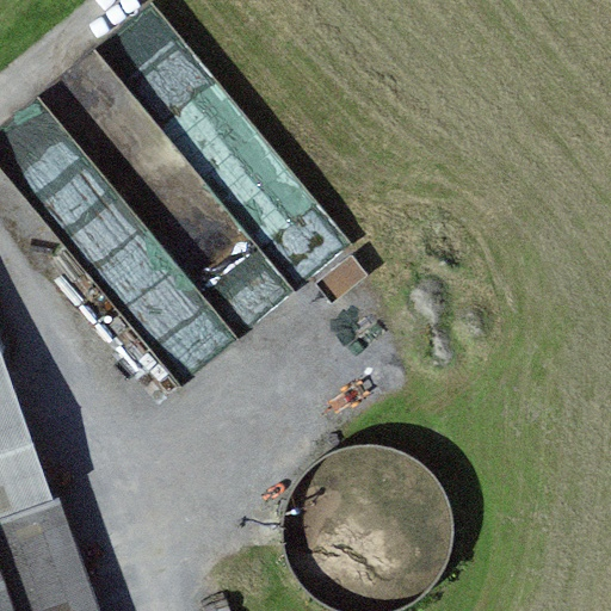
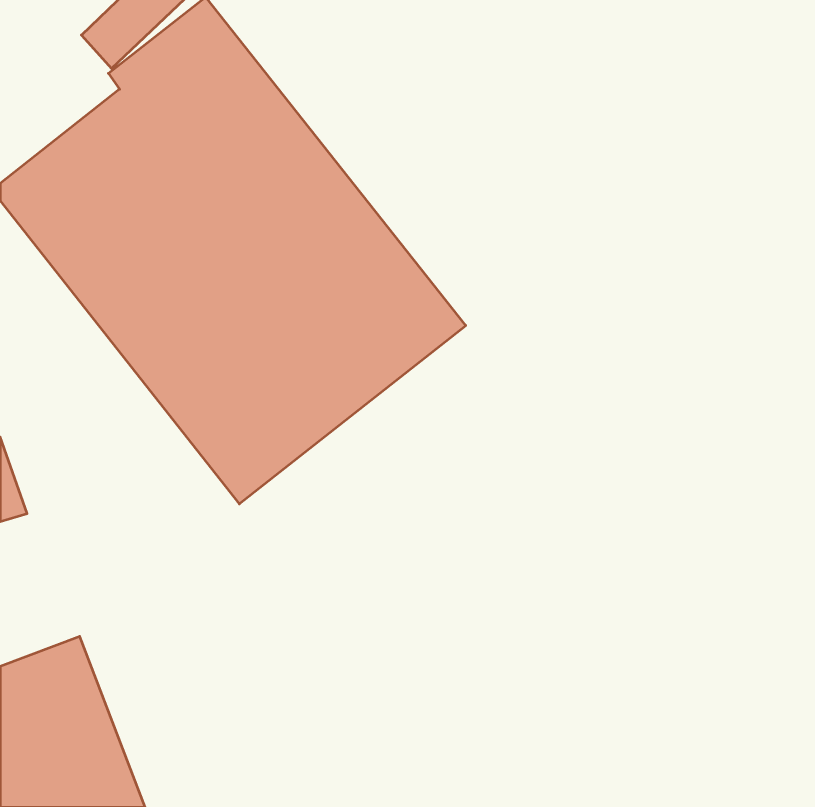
building: [288,456,439,594] -> none

